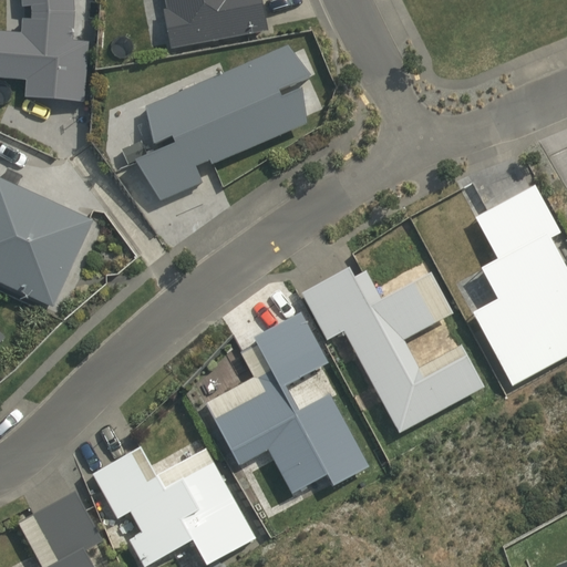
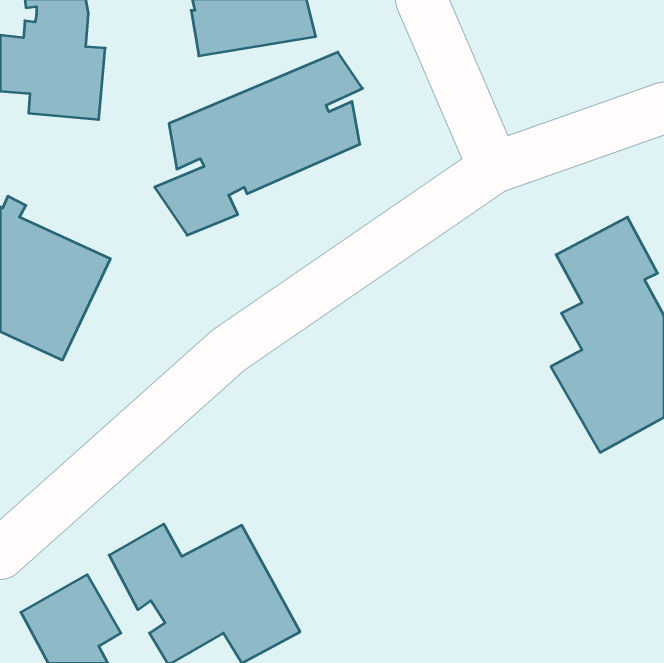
building: [300,267,484,433] -> none
building: [205,311,371,494] -> none

